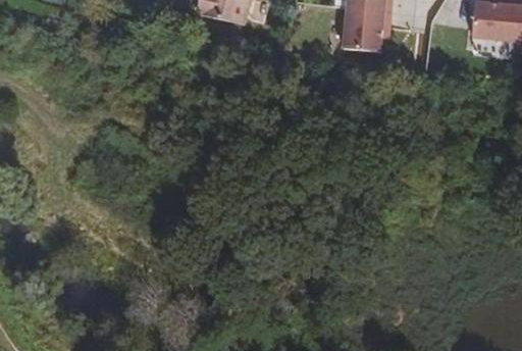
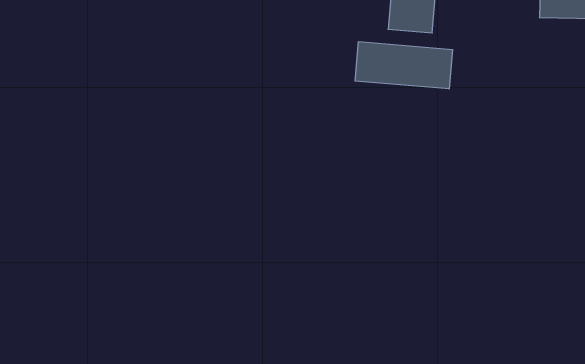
building: none -> [355,42,453,89]

